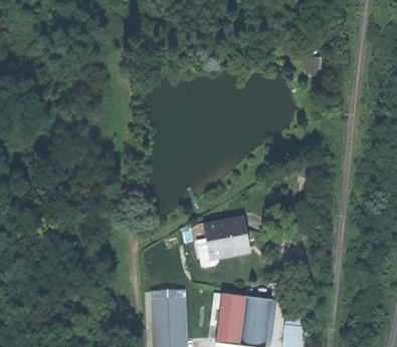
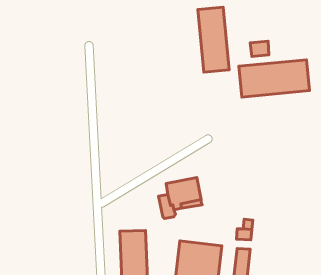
building: none -> [198,7,229,72]
building: none -> [239,60,310,97]

